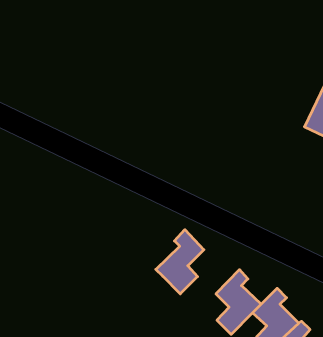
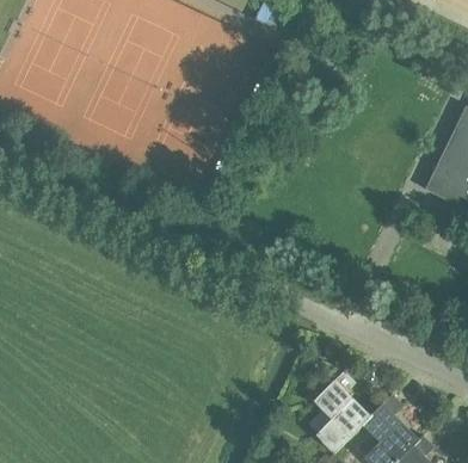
building: [156,230,204,294] -> none

